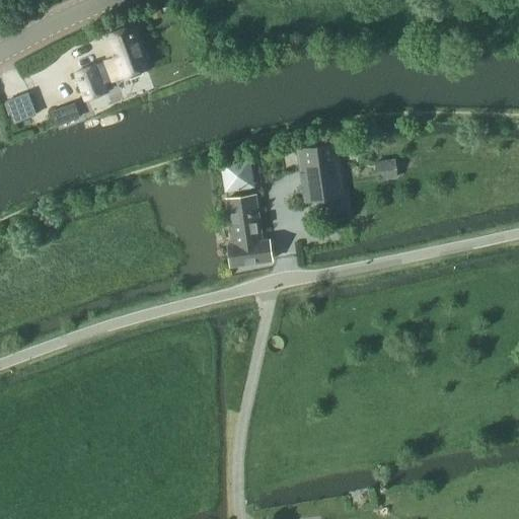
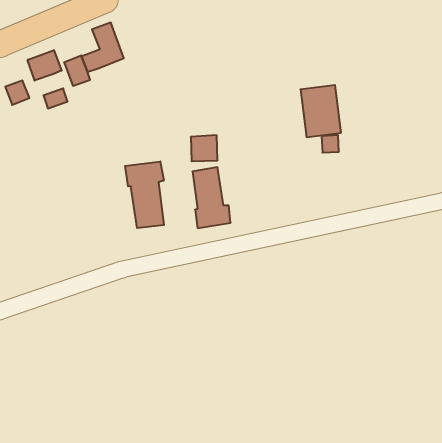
building: none -> [28,50,62,81]
building: [297,143,345,204] -> [300,85,341,137]
building: none -> [125,161,164,228]

